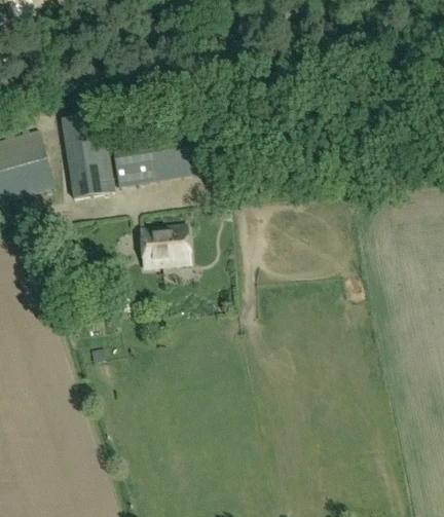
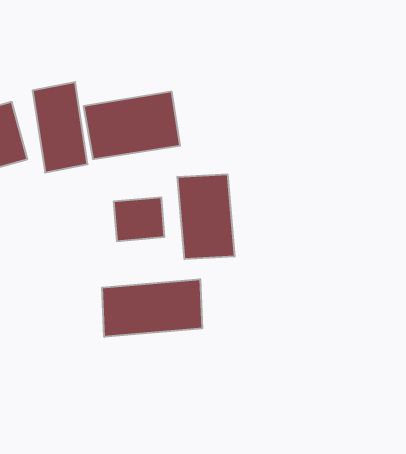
building: none -> [177,174,235,259]
building: none -> [102,279,202,337]

